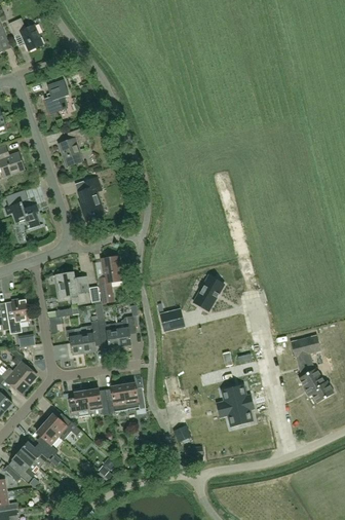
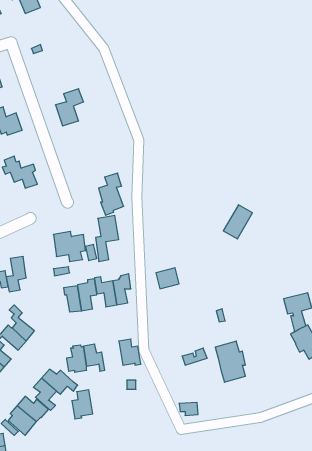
building: [43,79,68,114] -> none
building: [77,176,103,219] -> [99,173,124,215]
building: [193,275,223,310] -> [223,205,252,239]
building: [105,384,126,414] -> [72,390,93,419]

